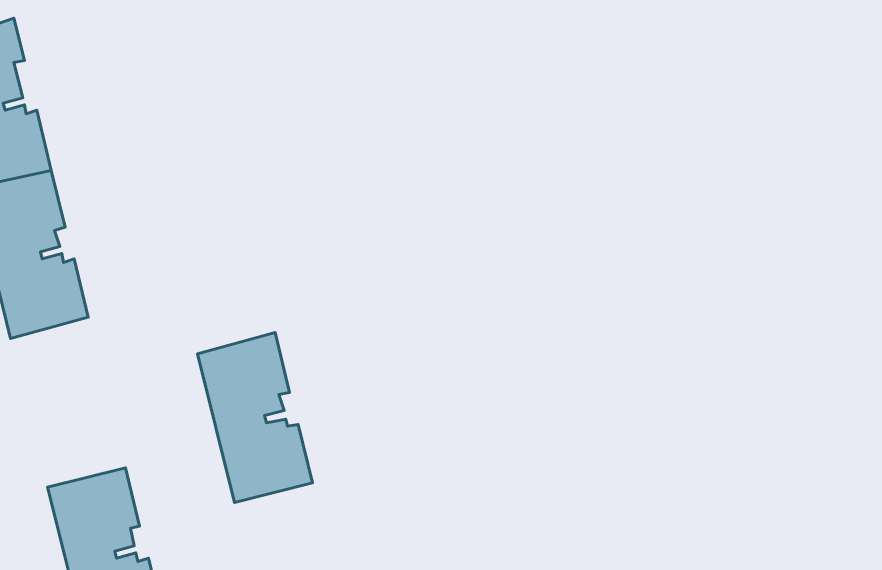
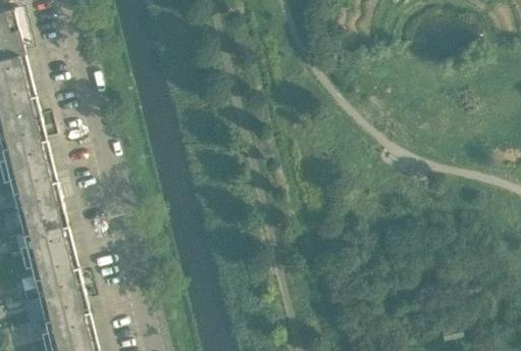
building: [197,332,312,502] -> [15,198,82,296]

